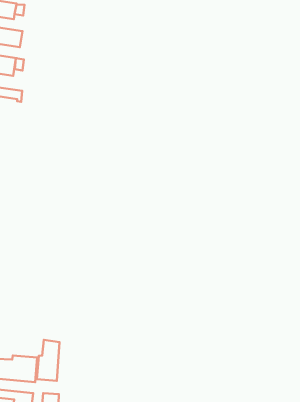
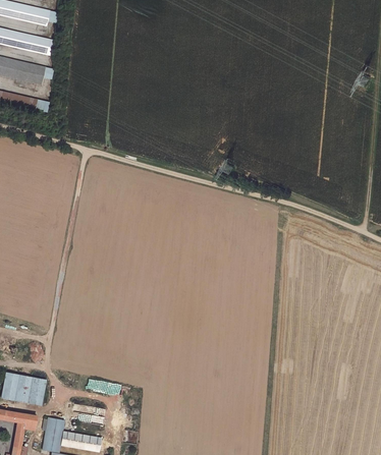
building: [37,340,60,381] -> none

